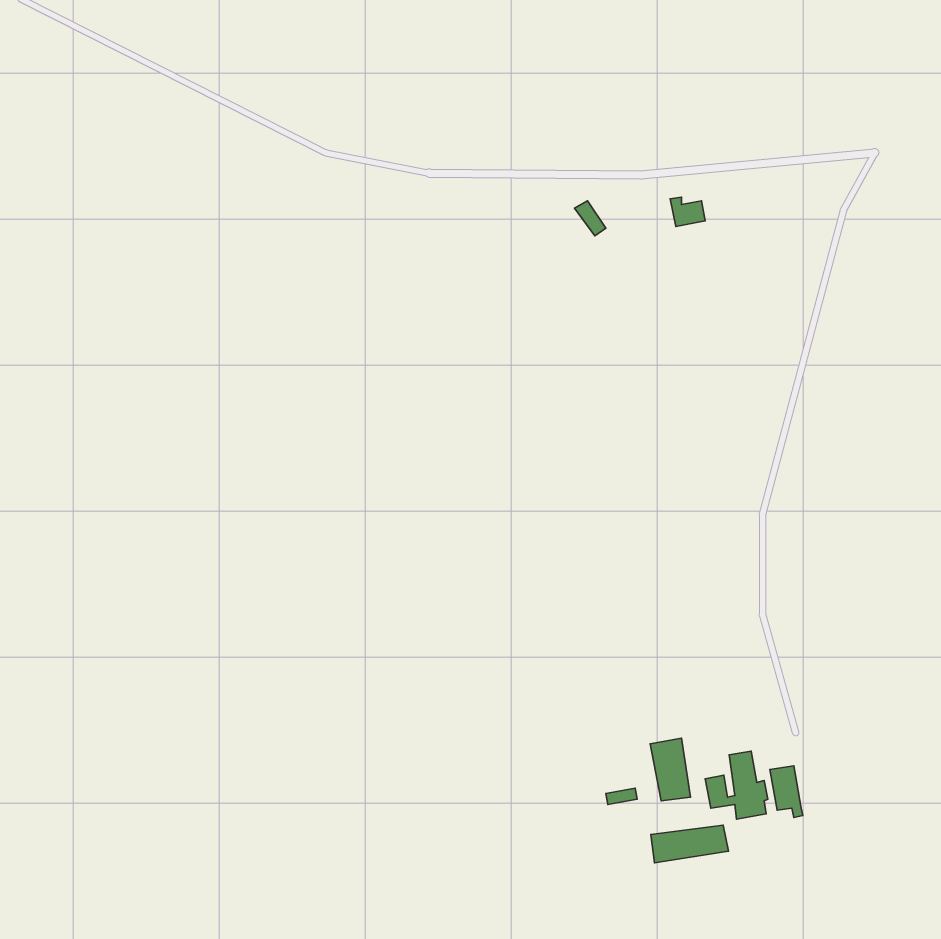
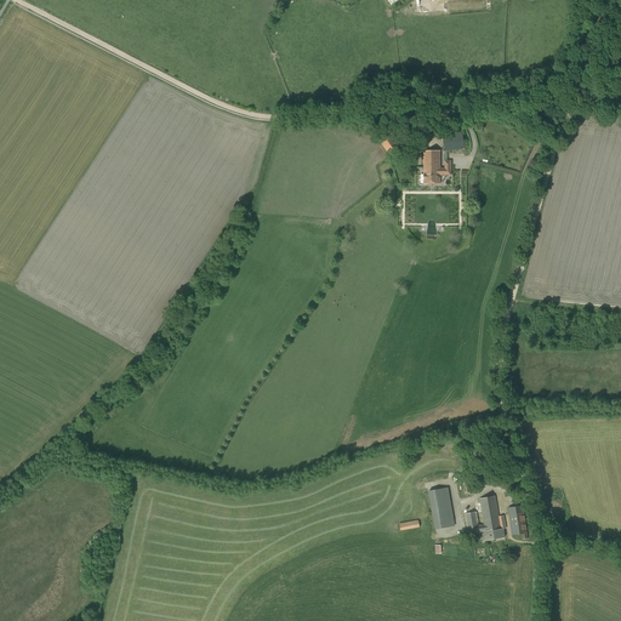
building: none -> [423,150,451,183]
building: [651,825,728,863] -> none

